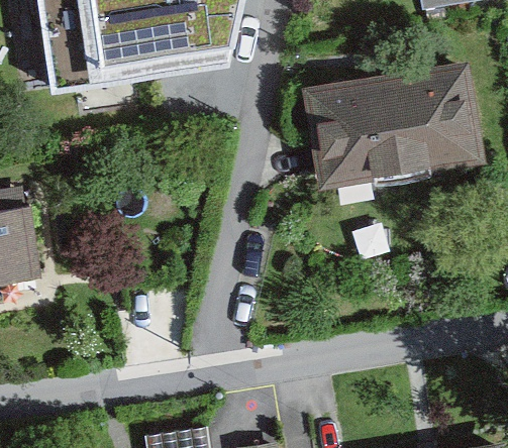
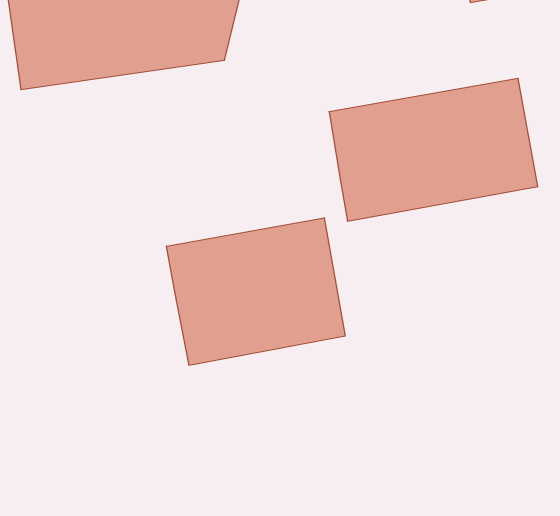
building: none -> [166,218,345,365]

